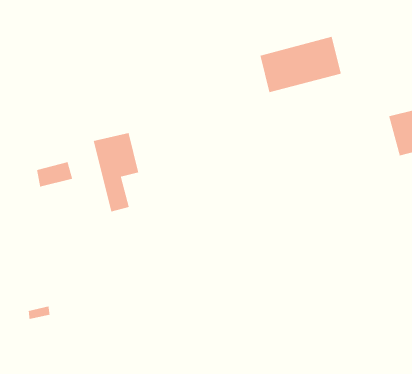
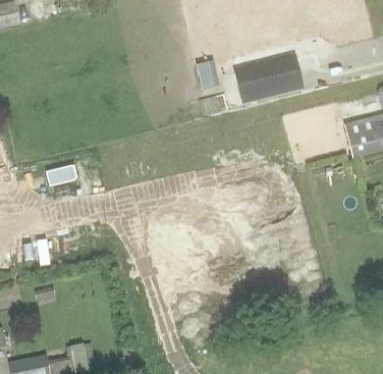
building: [93,132,139,213] -> none

